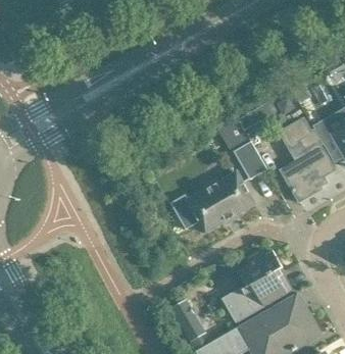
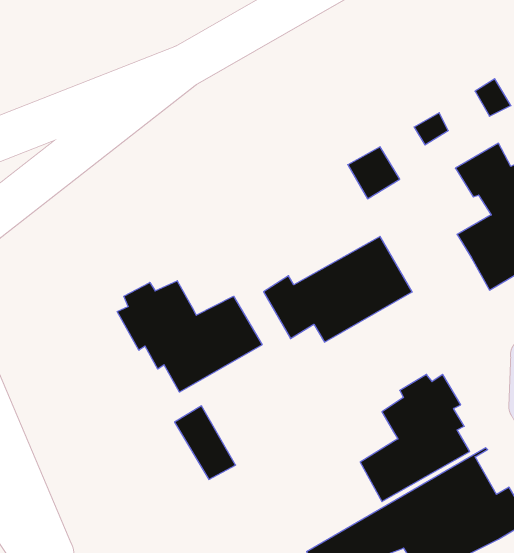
building: [234,141,267,180] -> none
building: none -> [117,281,262,392]
building: [170,299,205,341] -> [175,406,236,479]

